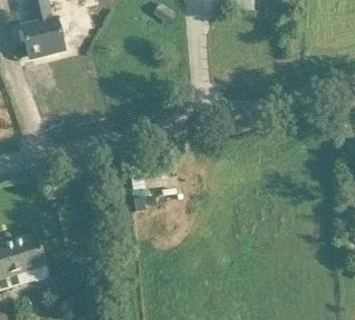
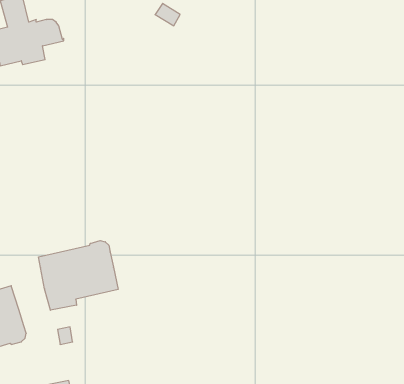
building: none -> [39,241,118,310]

